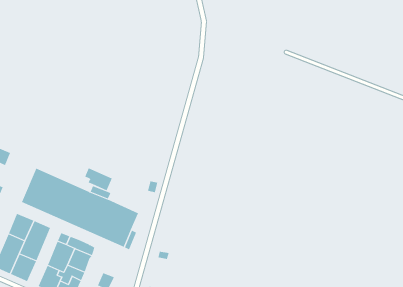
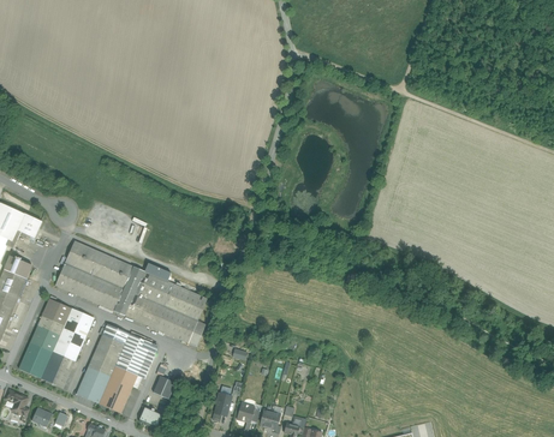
building: [84,167,112,191] -> none

